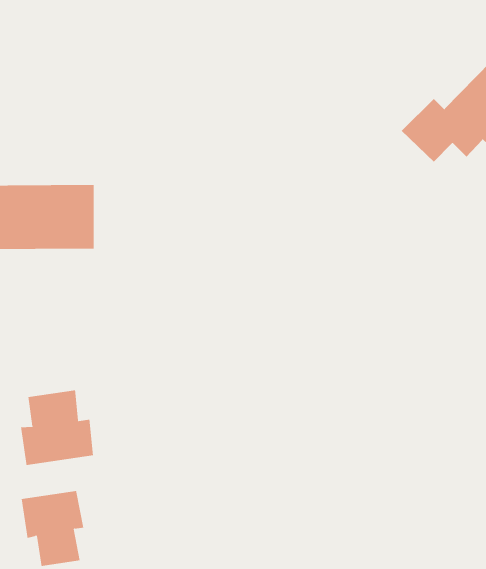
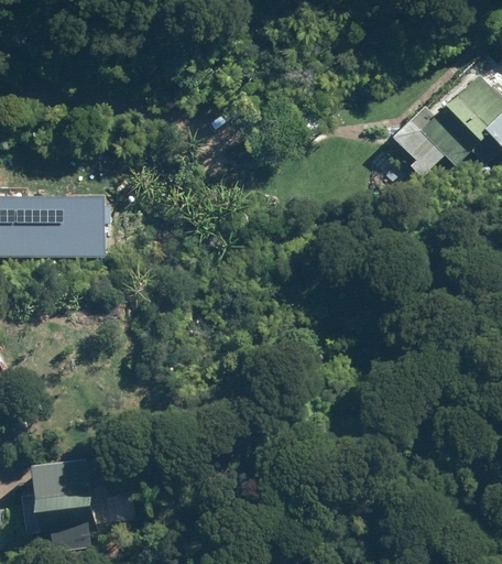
building: [20,389,93,466] -> none

